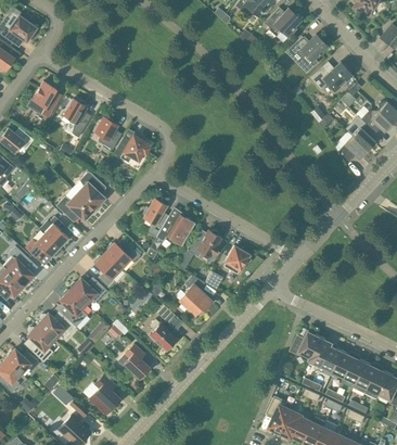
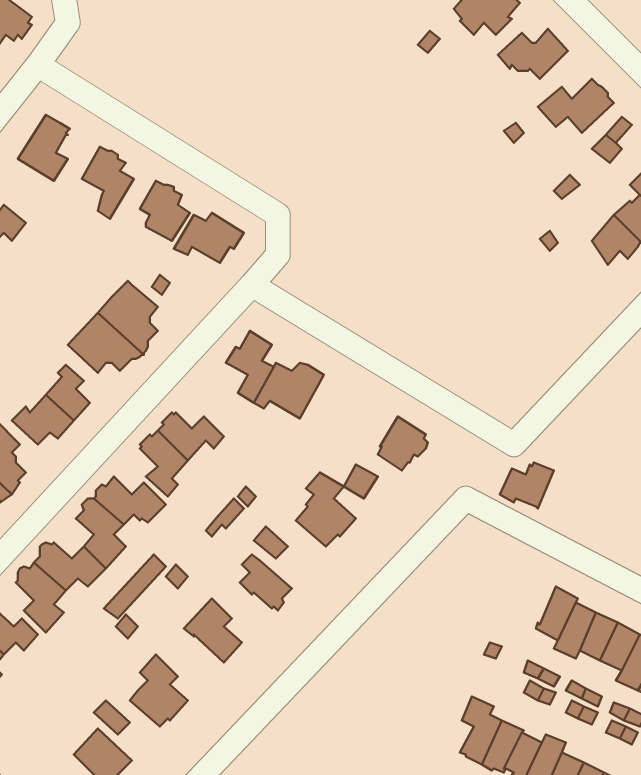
building: [187,230,221,257] -> none
building: [291,333,320,358] -> [500,462,554,508]

